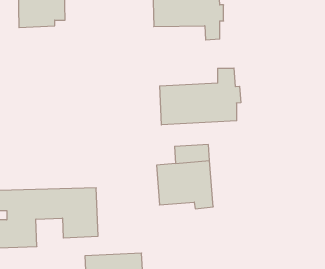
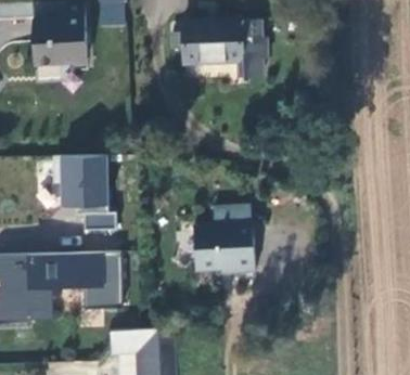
building: [160,68,241,125] -> none
building: none -> [54,155,117,230]

